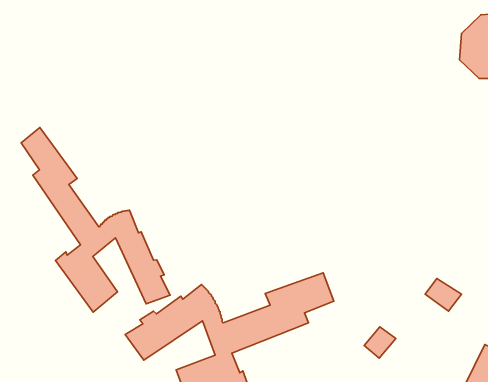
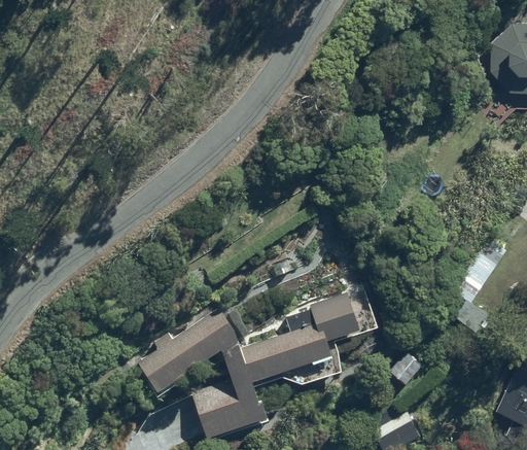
building: [21,127,170,312] -> none

